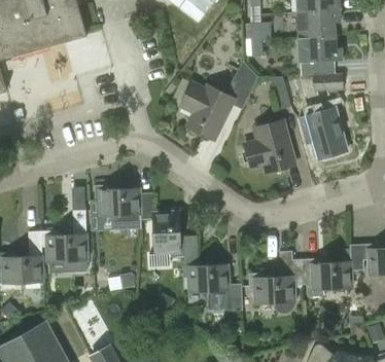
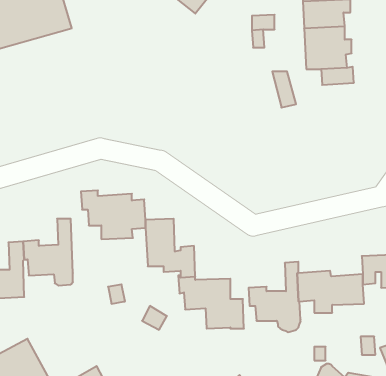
building: [180,61,256,141] -> none
building: [306,109,344,158] -> none
building: [243,119,294,172] -> none

